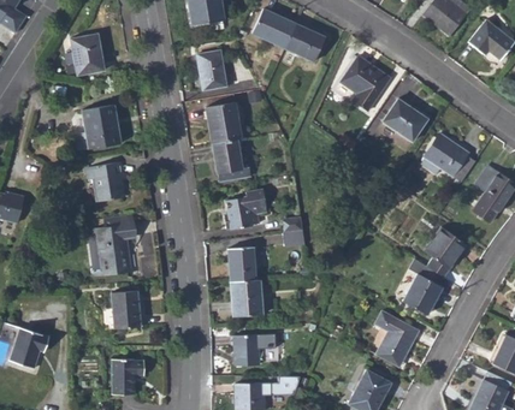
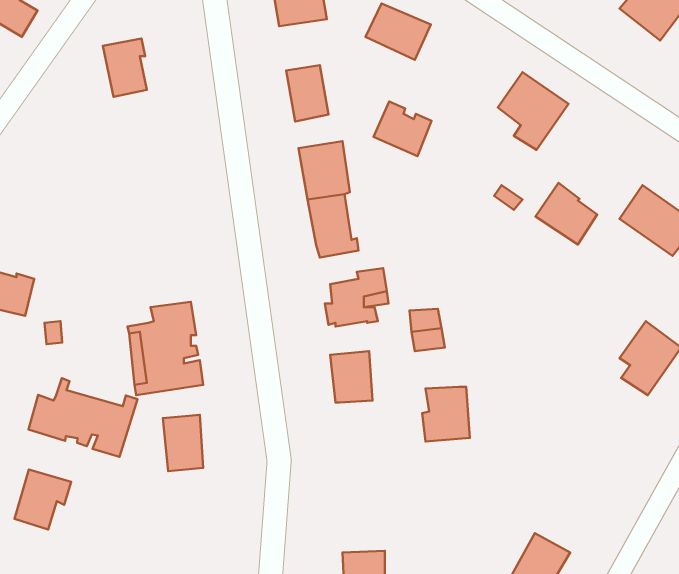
building: [284,24,324,61] -> [373,101,432,156]
building: [383,99,425,141] -> [535,183,597,245]
building: [83,105,120,149] -> none
building: [87,161,126,201] -> none
building: none -> [29,378,137,457]
building: [402,273,442,313] -> none
building: [230,280,262,317] -> [422,387,470,441]
building: [374,311,416,364] -> none
building: [233,334,259,366] -> none
building: [113,357,143,393] -> none

